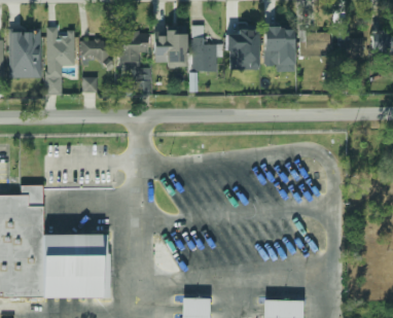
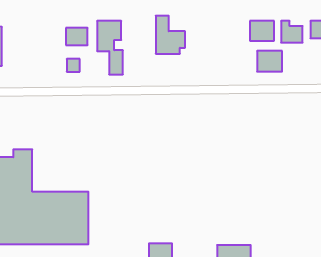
building: [229,28,259,70] -> none
building: [155,29,188,67] -> none
building: [12,32,40,77] -> none
building: [264,34,294,59] -> [257,51,282,72]
building: [46,39,76,94] -> none

